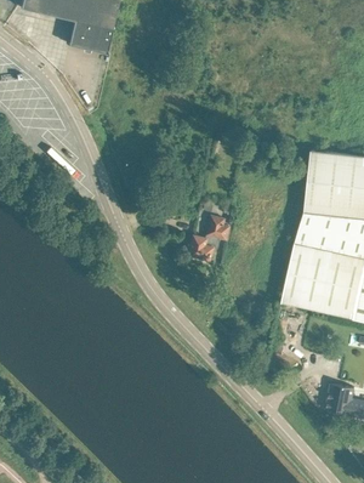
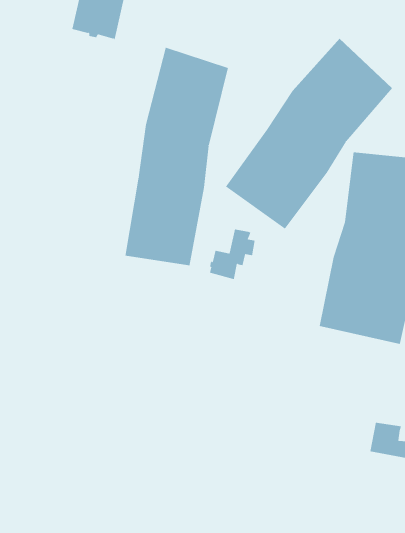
building: none -> [225,38,393,230]
building: none -> [125,47,228,266]

